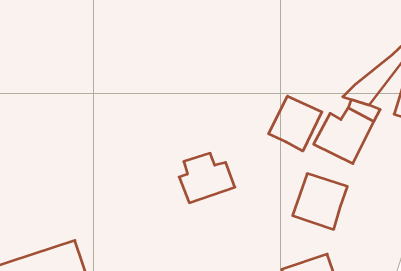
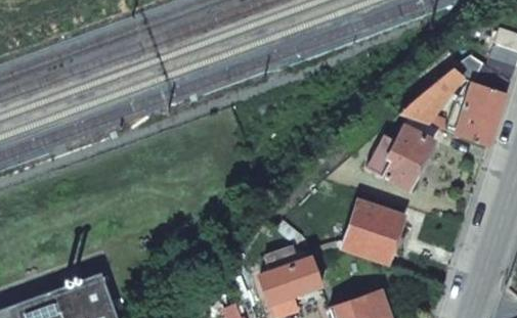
building: [269,96,322,151] -> none
building: [179,153,235,203] -> [259,247,321,303]

